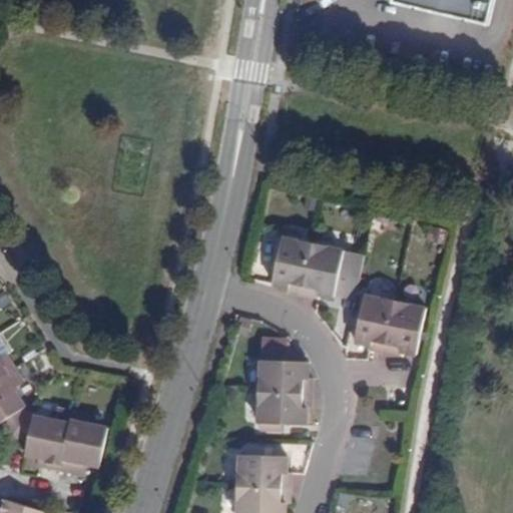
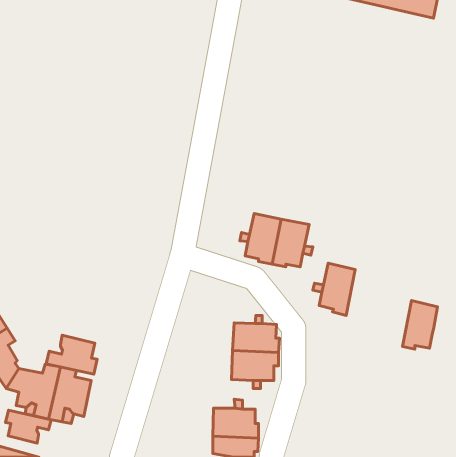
building: [385,300,424,354] -> [402,300,438,349]
building: none -> [46,335,97,374]
building: none -> [6,410,51,443]

